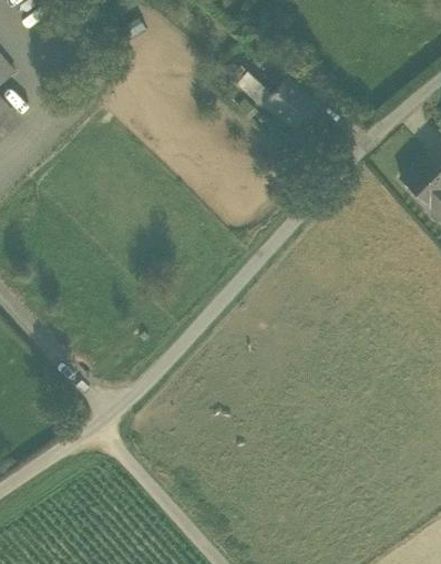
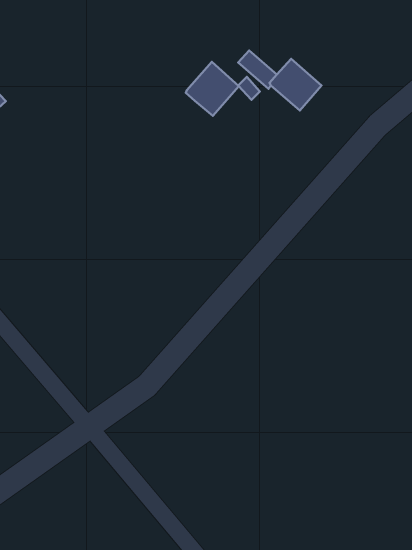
building: none -> [186,62,239,116]

